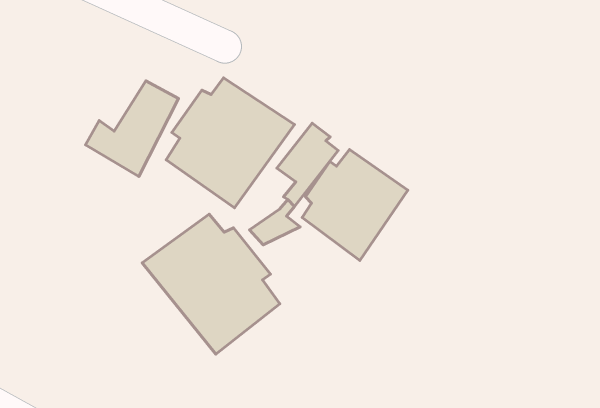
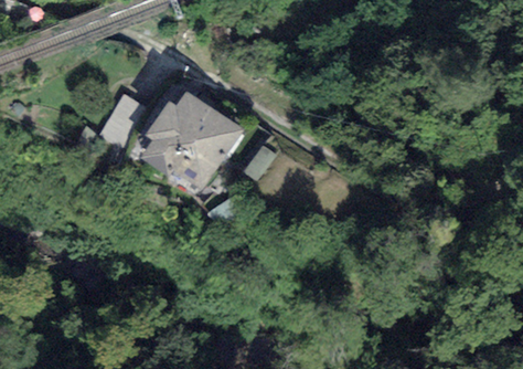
building: [302,150,408,261] -> none
building: [142,214,280,354] -> none

